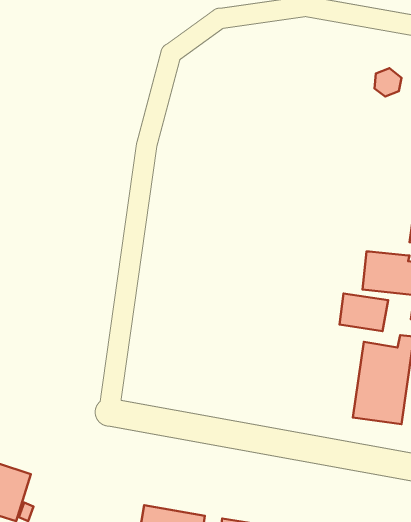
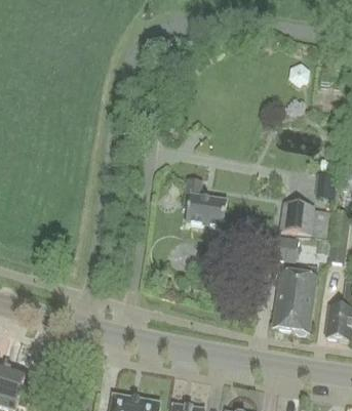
building: none -> [183,176,226,227]

